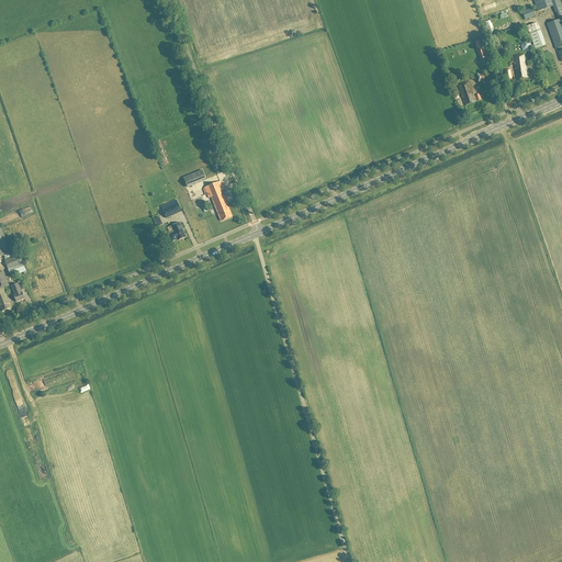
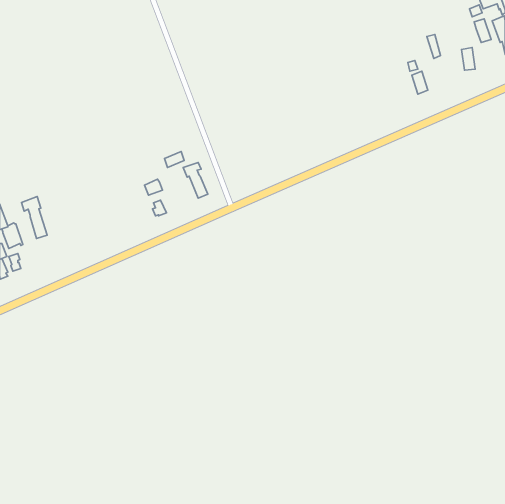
building: none -> [22,196,47,239]

